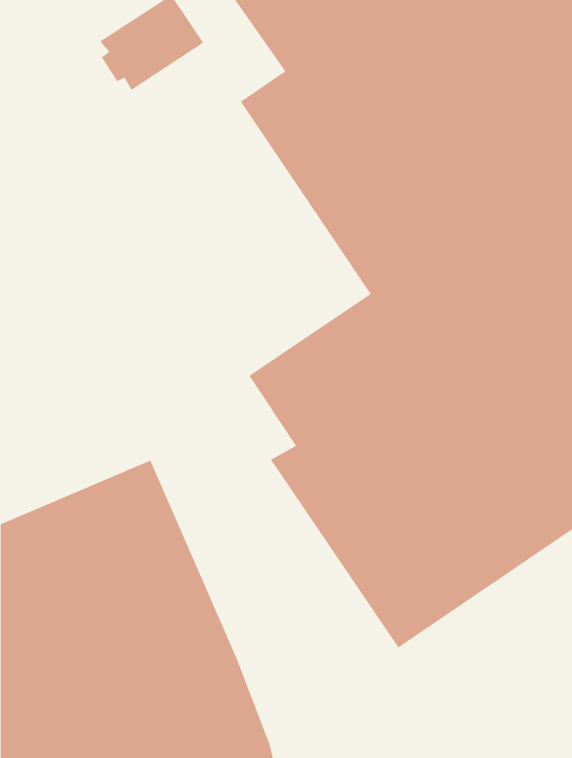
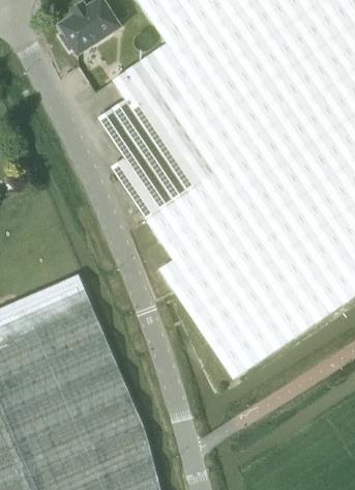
building: none -> [95,61,215,220]

